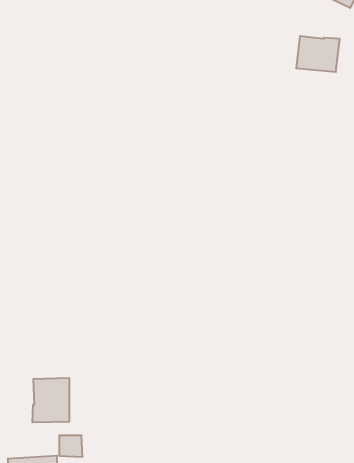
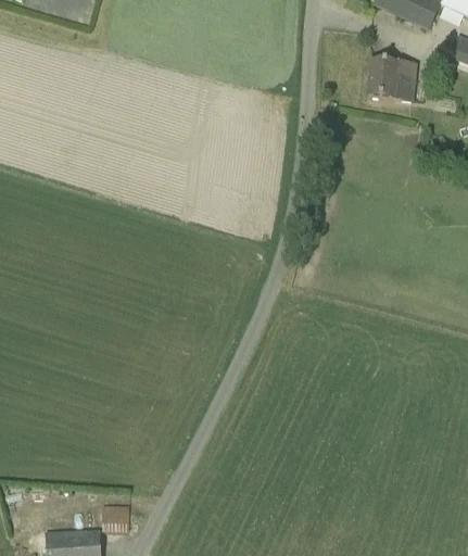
building: [33,378,69,422] -> none

